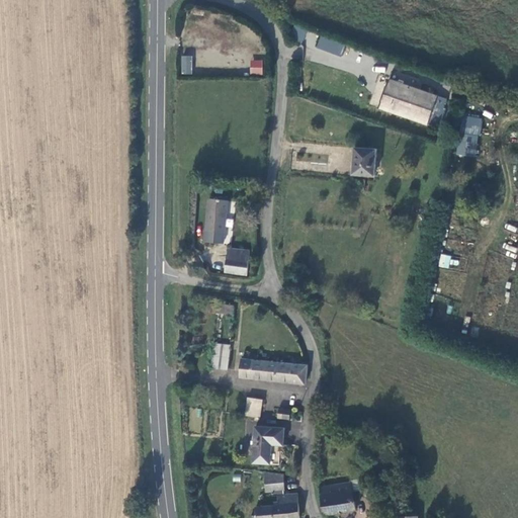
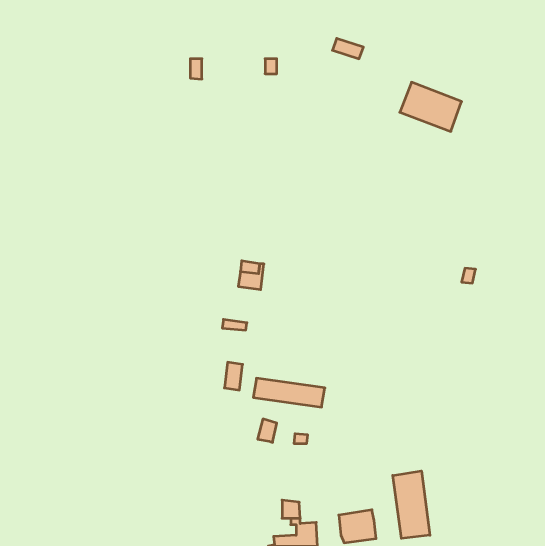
building: [455,115,480,157] -> none
building: [353,148,375,174] -> none
building: [206,197,230,242] -> none
building: [254,428,283,464] -> none
building: none -> [393,471,430,538]

